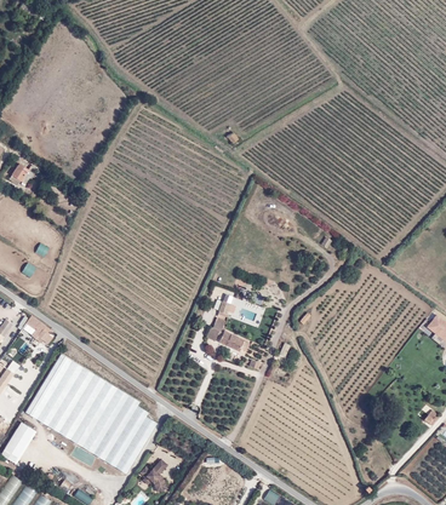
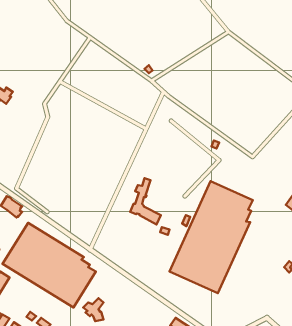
building: none -> [169,181,253,293]

